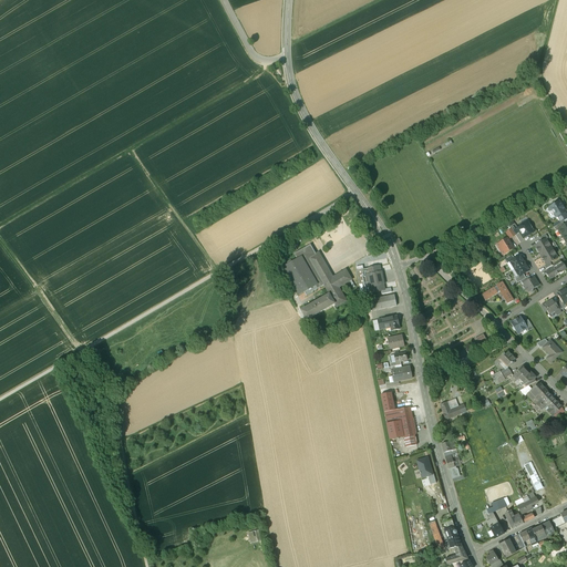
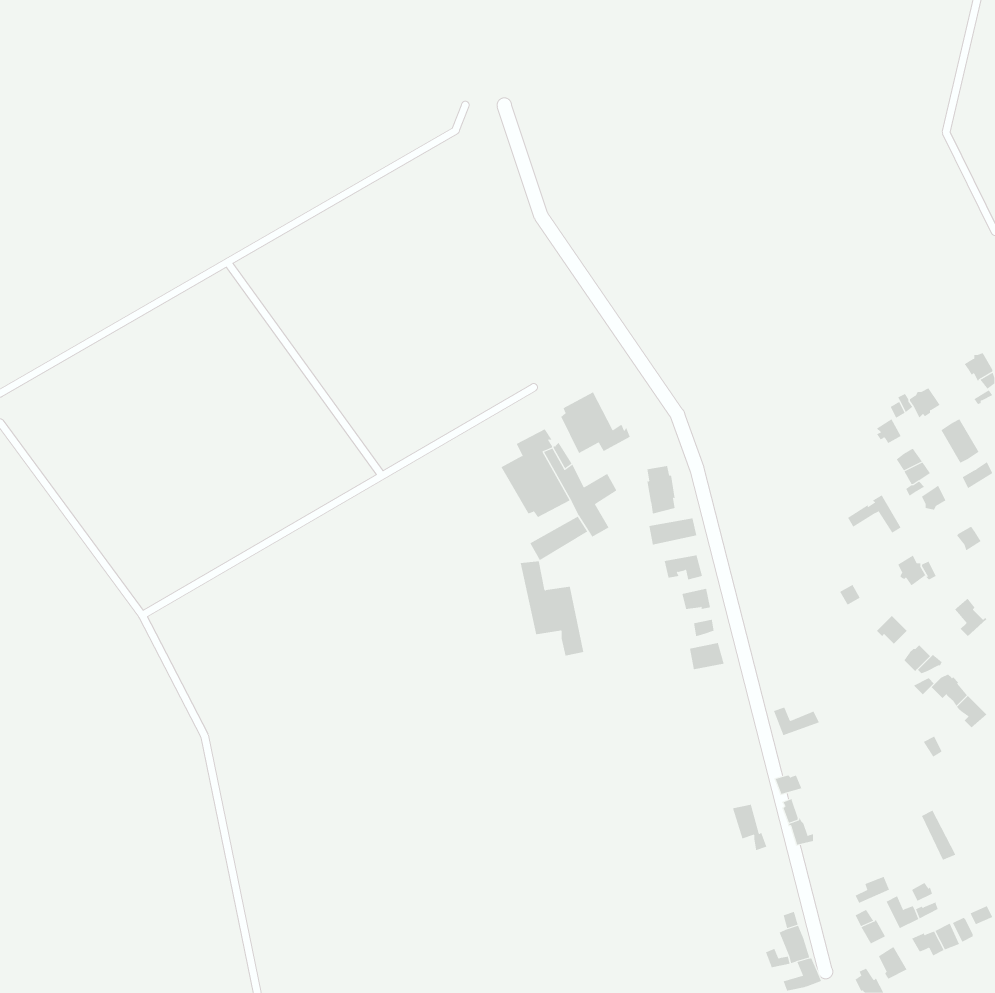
building: none -> [560,391,630,454]
building: [380,392,416,446] -> [520,561,584,656]

